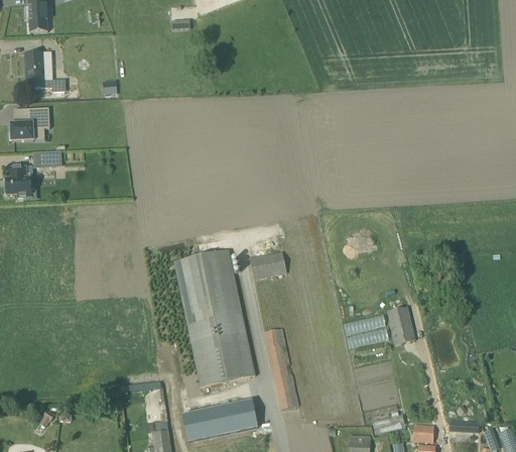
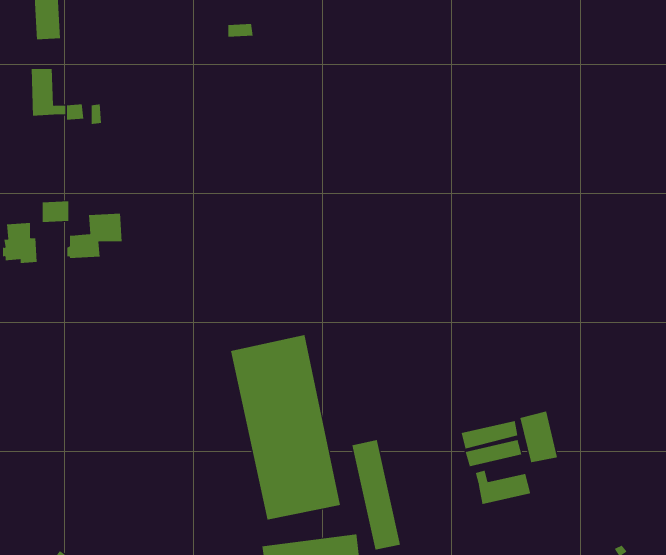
building: [9,108,50,141] -> [66,213,122,258]
building: [250,252,286,279] -> none
building: none -> [475,470,531,505]

